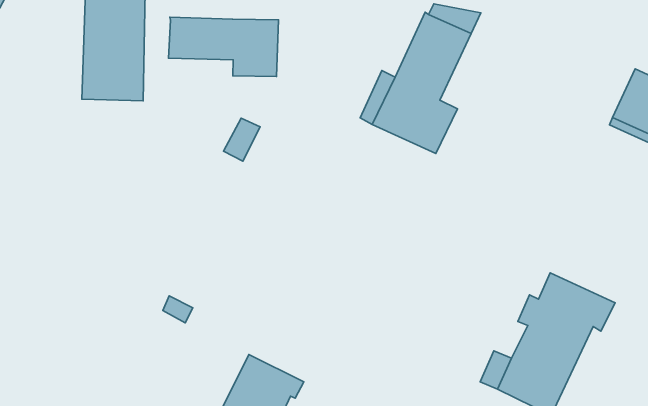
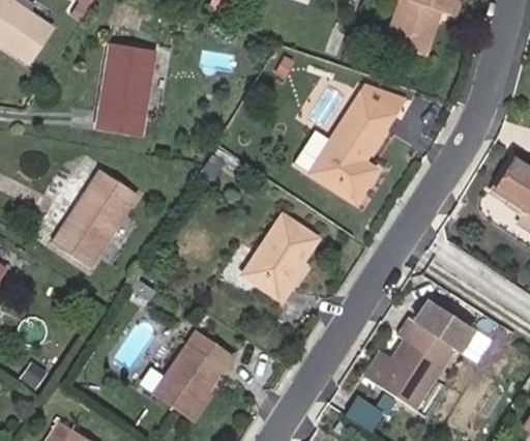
building: [169,17,279,76] -> none
building: none -> [54,170,138,264]
building: none -> [242,213,318,299]

